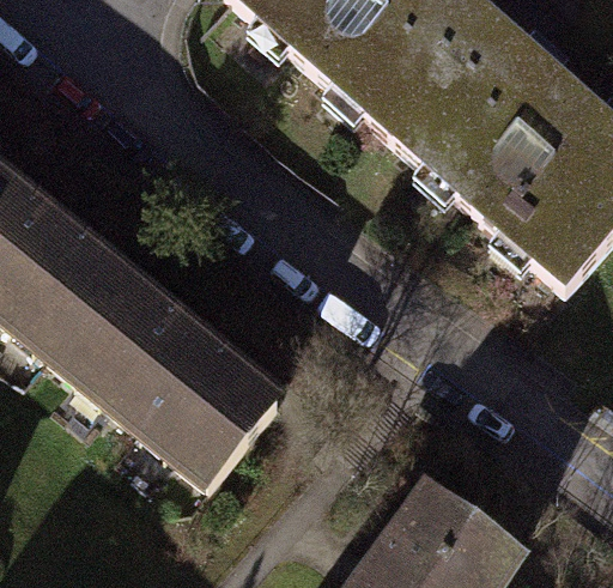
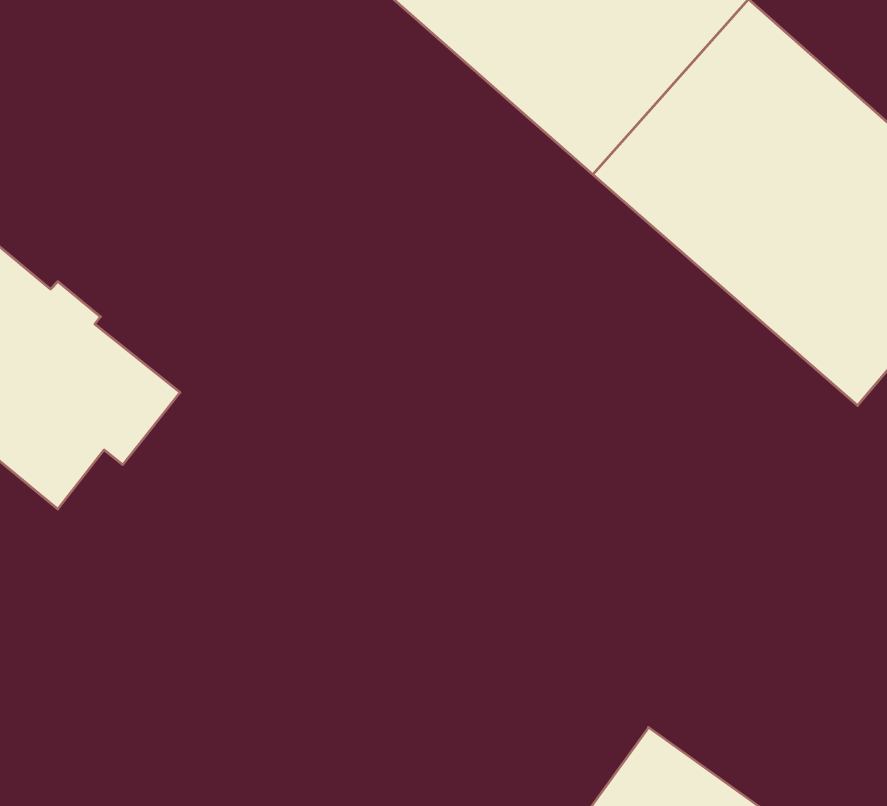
building: [48,277,275,481] -> none

